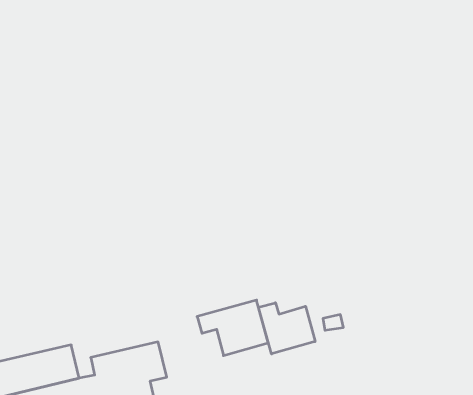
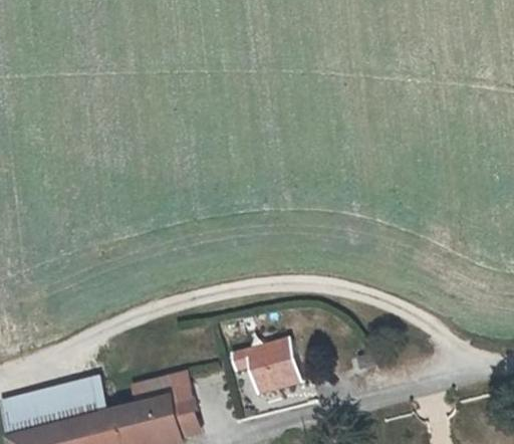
building: [259,303,315,354] -> none

